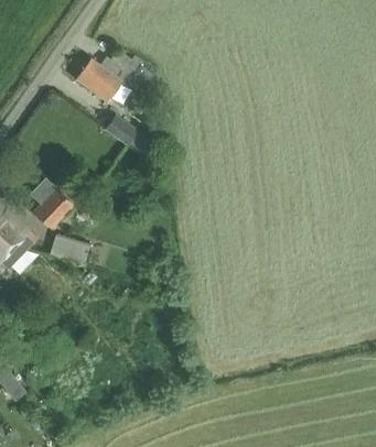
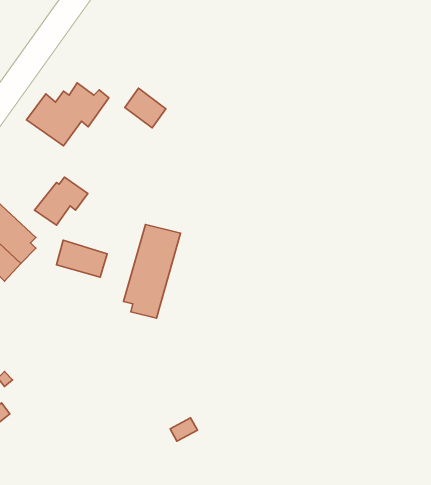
building: [77,51,143,101] -> [27,83,109,146]
building: none -> [123,225,181,318]

